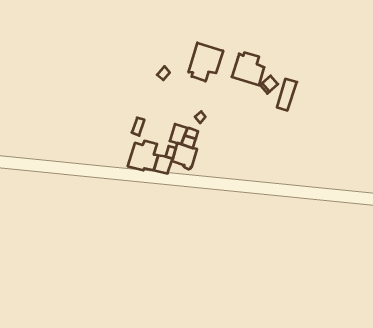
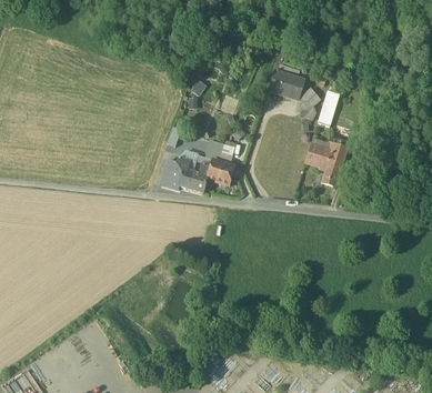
building: [189,43,223,81] -> none
building: none -> [305,140,350,188]

